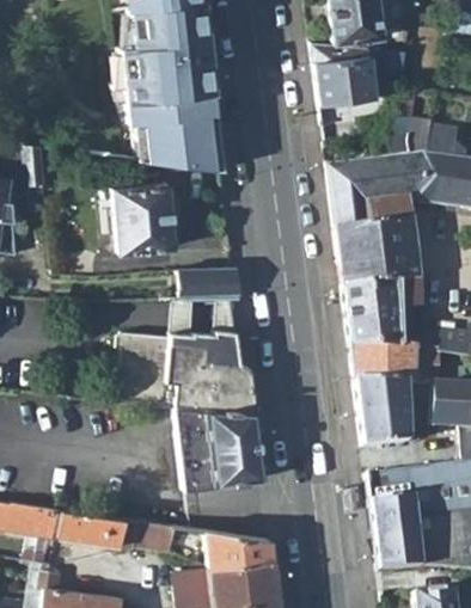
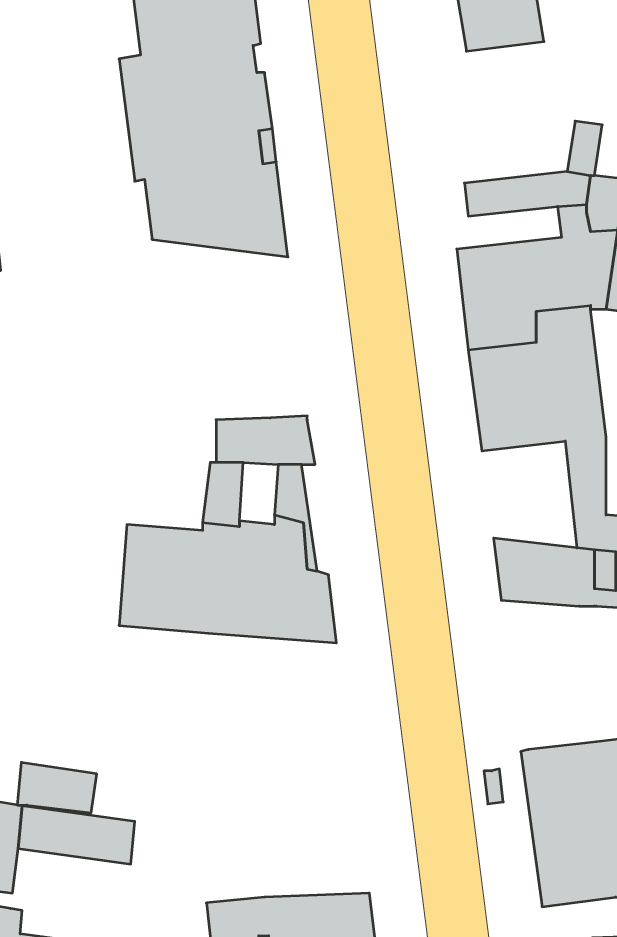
building: [311,43,406,106] -> none
building: [112,185,172,252] -> none
building: [343,285,402,351] -> none
building: [355,383,409,449] -> none
building: [175,404,263,487] -> none
building: [127,520,176,551] -> [17,762,97,813]
building: [206,532,274,566] -> none

